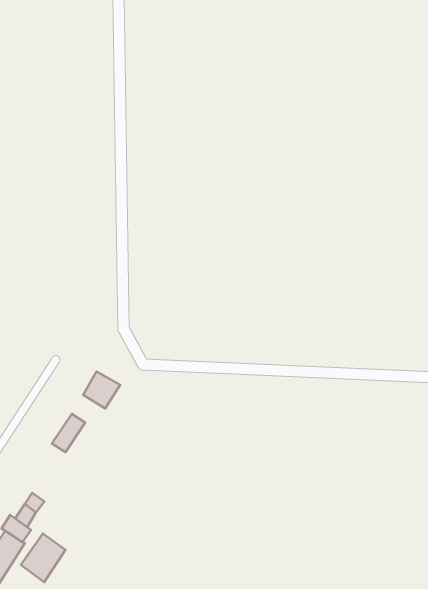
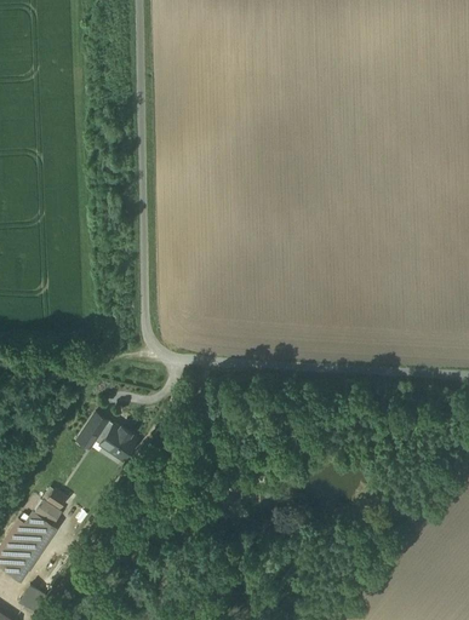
building: [83,371,120,408] -> [101,424,137,460]
building: [21,534,66,582] -> none

